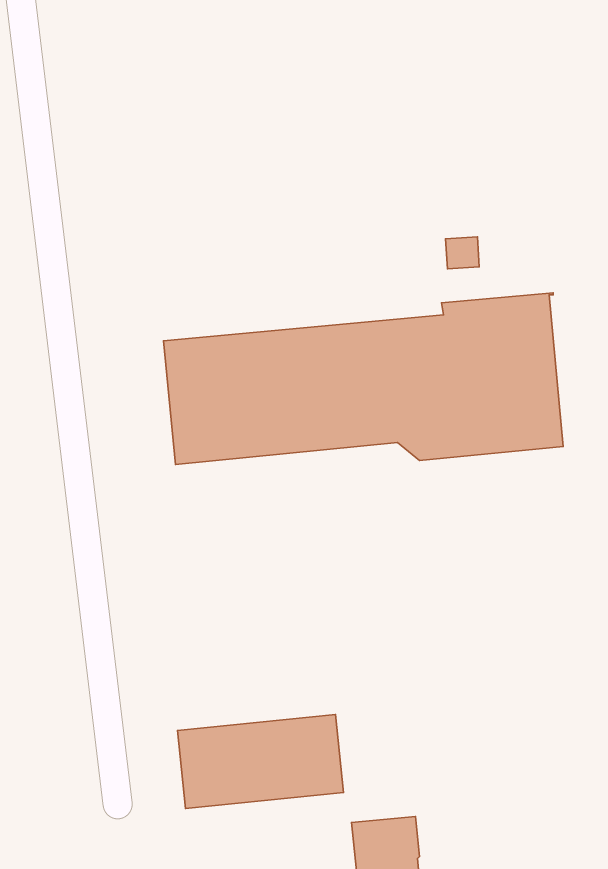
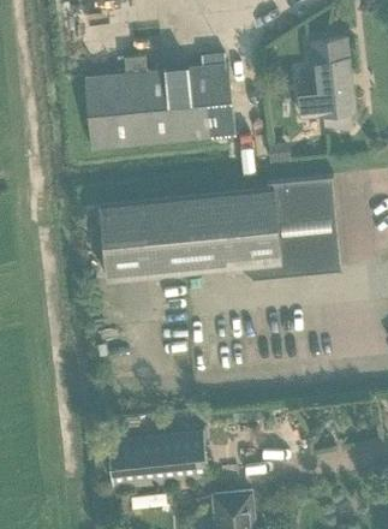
building: none -> [298,38,354,131]
building: none -> [84,57,235,149]

